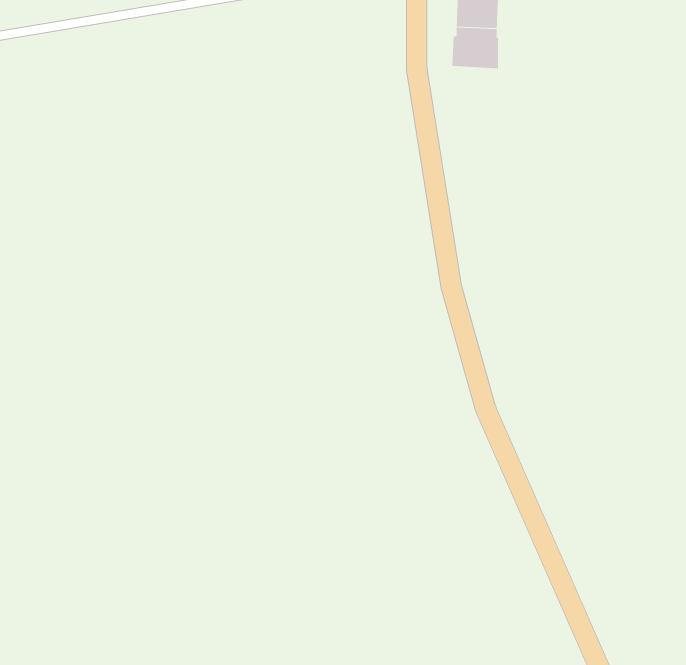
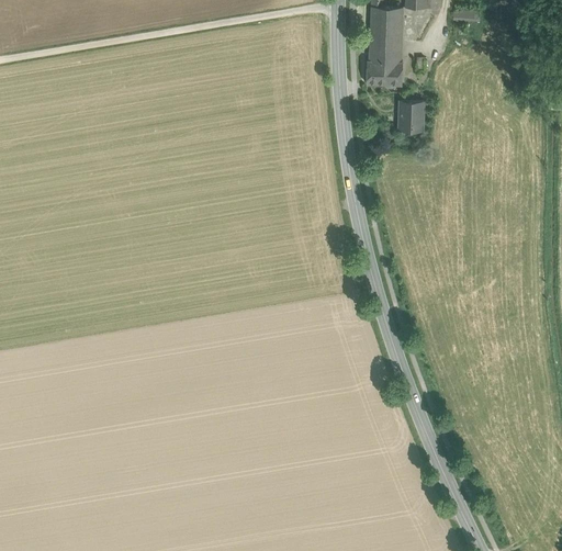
building: none -> [398,102,424,133]

